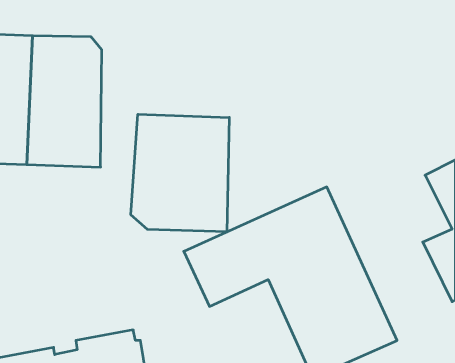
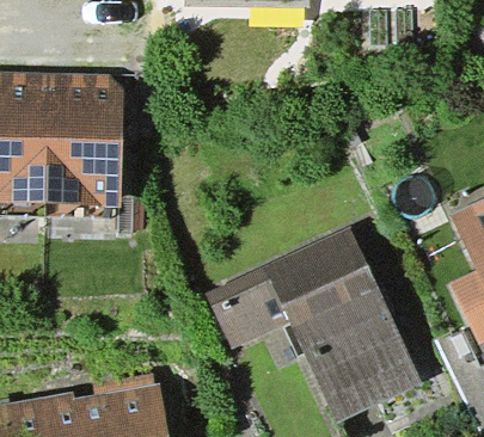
building: [131,114,229,232] -> none

